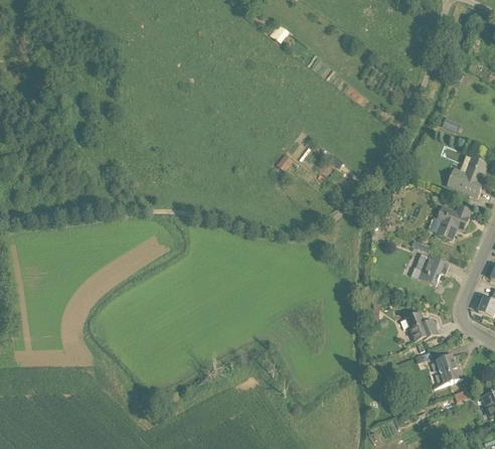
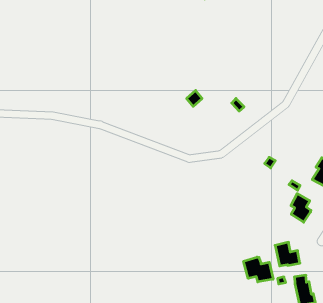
building: none -> [244,257,273,282]

